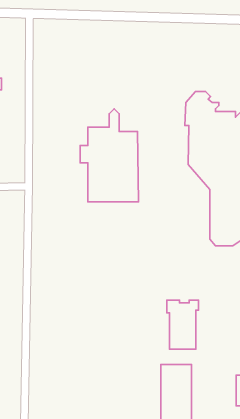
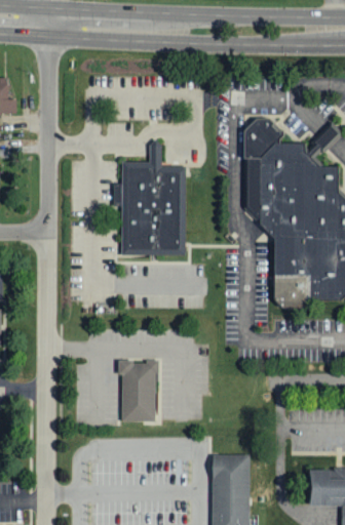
building: [167,300,198,349] -> [118,360,157,420]

